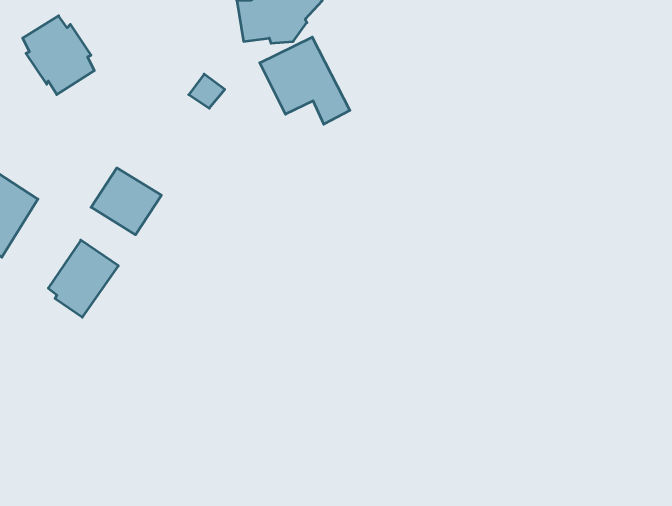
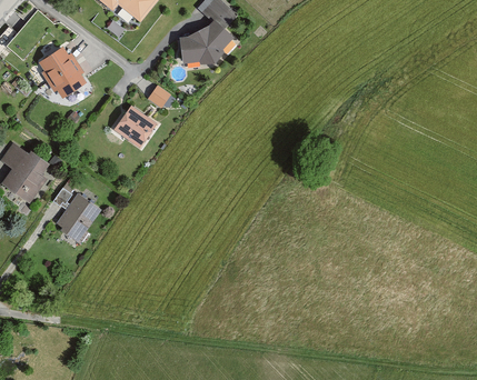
building: [260,37,350,124] -> none
building: [91,168,161,235] -> [111,106,157,149]

